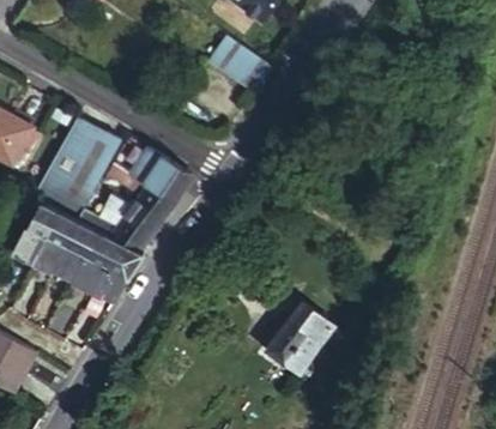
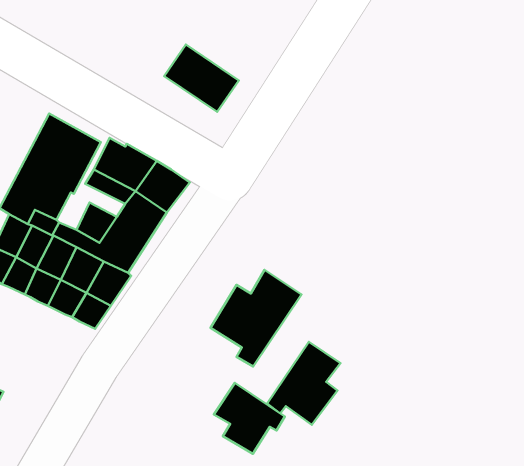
building: [207,35,270,91] -> [164,45,239,112]
building: none -> [210,270,302,367]
building: none -> [214,383,285,454]

